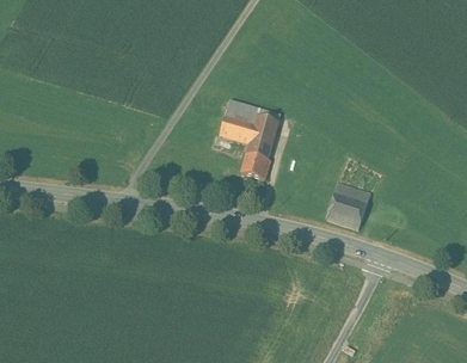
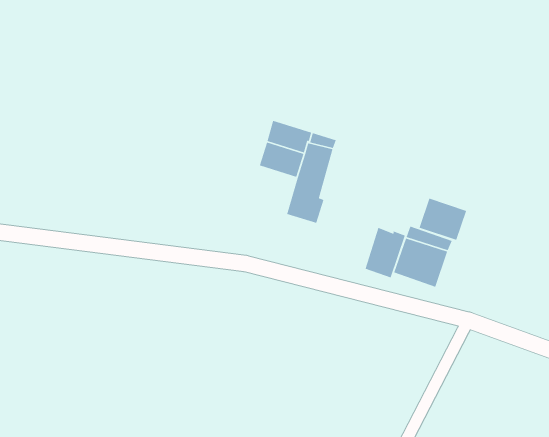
building: none -> [418,198,467,241]
building: none -> [364,227,406,279]

